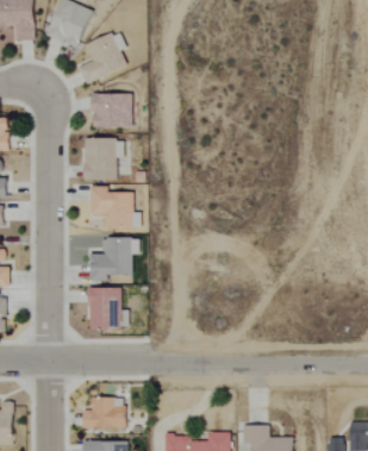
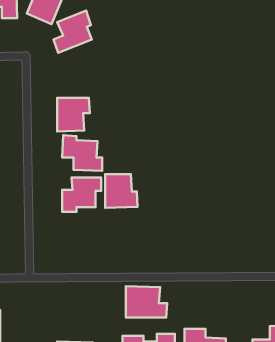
building: [91,93,131,127] -> none
building: [88,288,129,330] -> [105,174,138,208]
building: none -> [126,286,167,318]
building: [81,397,125,428] -> none

